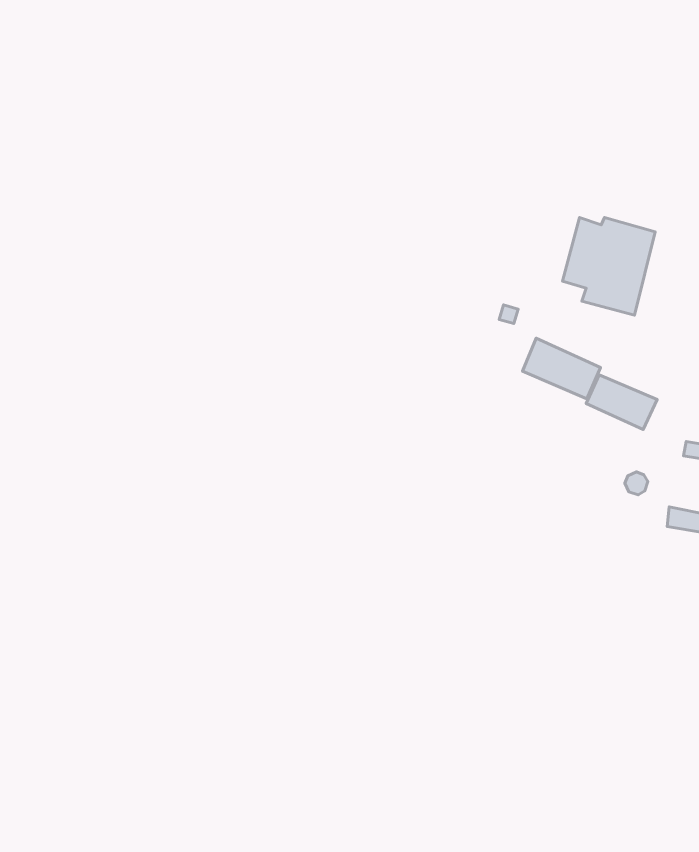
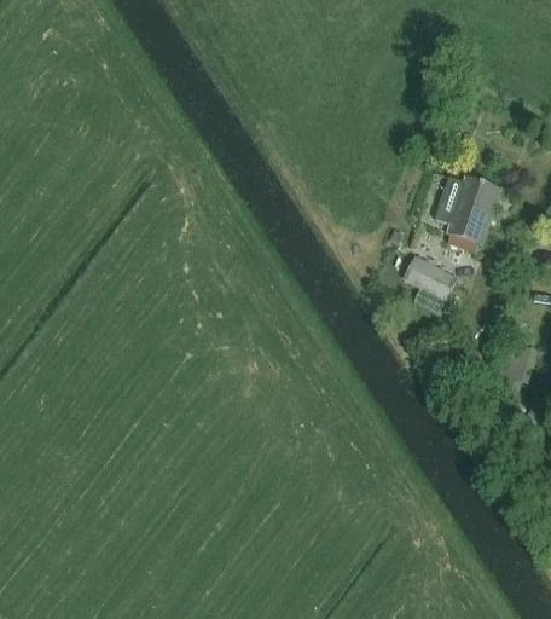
building: [586,375,657,430] -> none

